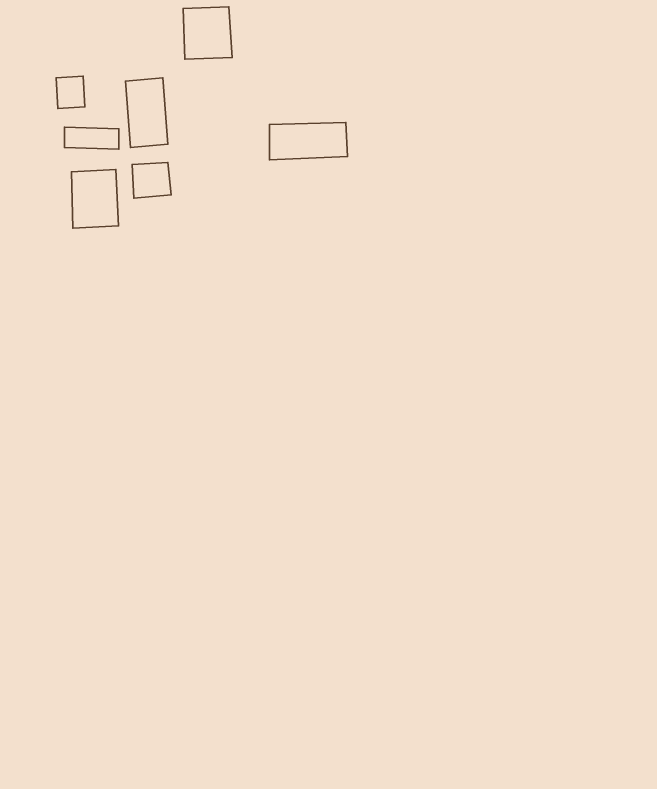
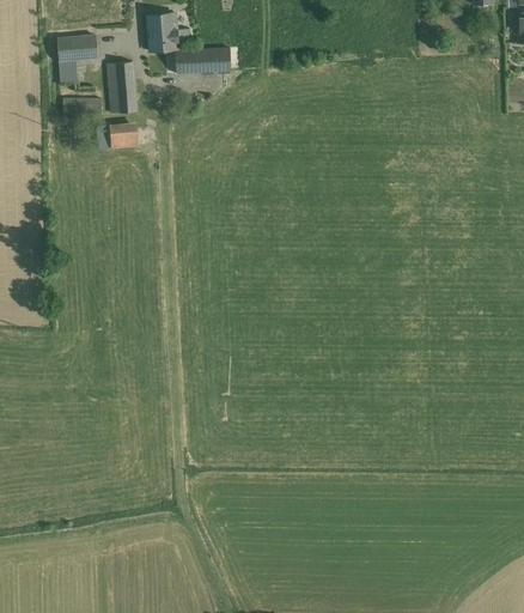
building: none -> [57,35,97,59]
building: [270,123,347,160] -> [175,48,230,74]
building: [72,170,119,228] -> none

